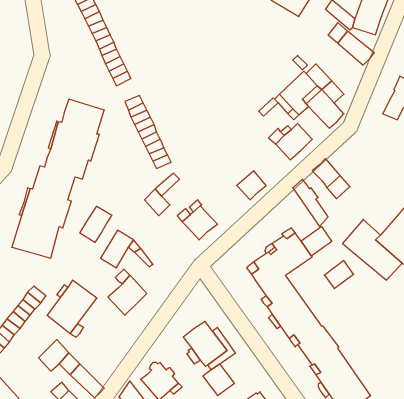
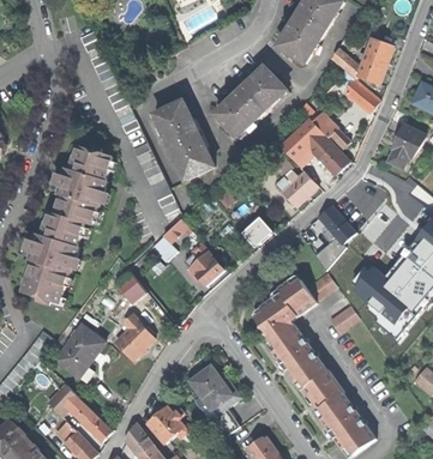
building: none -> [215,66,289,139]
building: none -> [155,98,215,180]
building: [80,206,112,242] -> none

